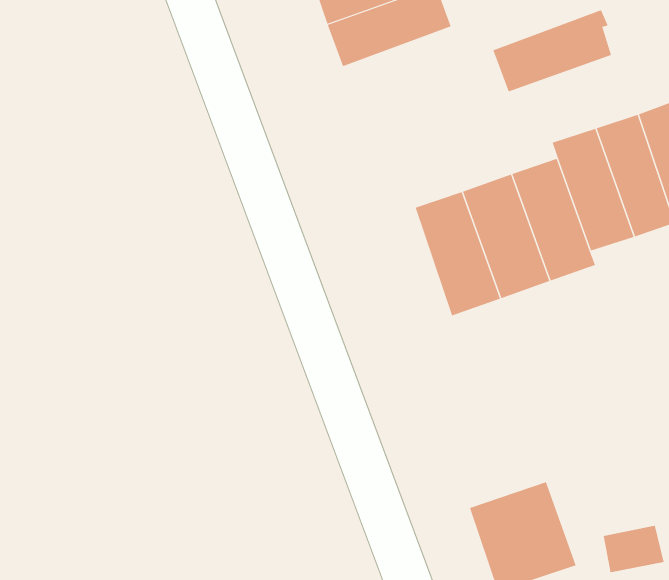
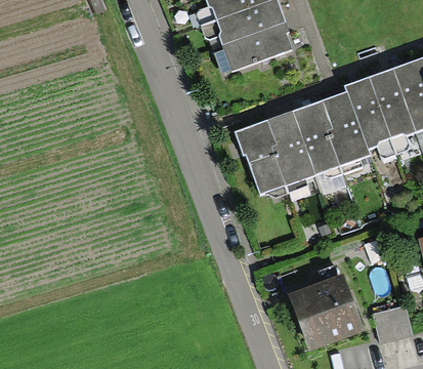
building: [492,10,612,92] -> [222,16,292,65]
building: none -> [237,122,286,195]

